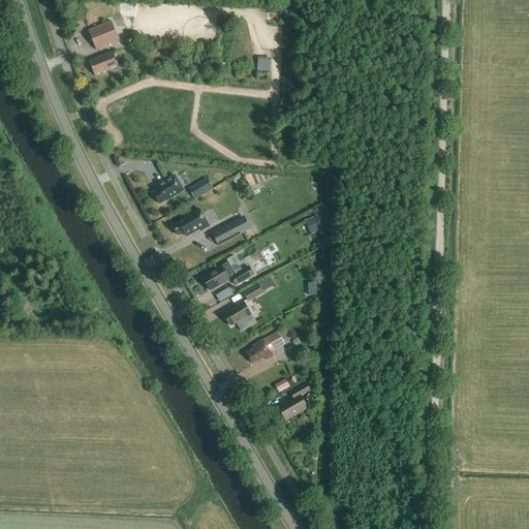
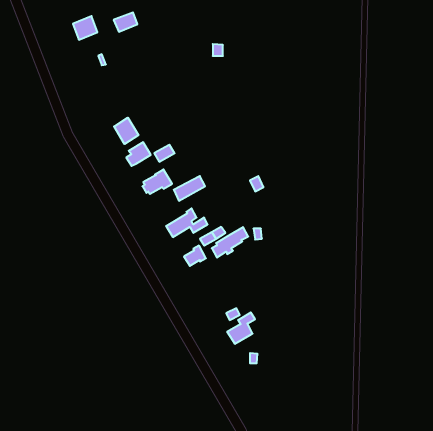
building: [89,51,118,74] -> [114,12,137,32]
building: none -> [114,118,138,144]
building: [247,325,291,363] -> [212,227,248,258]

